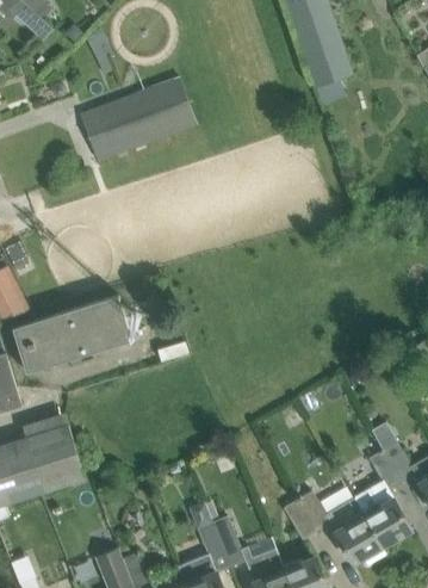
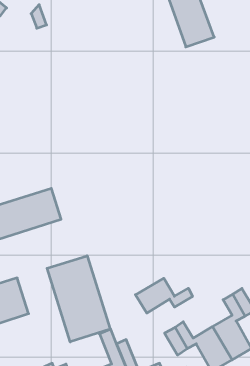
building: [80,78,197,160] -> none
building: none -> [47,256,110,342]
building: none -> [135,278,192,313]

